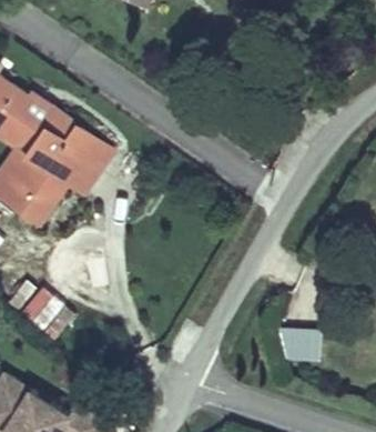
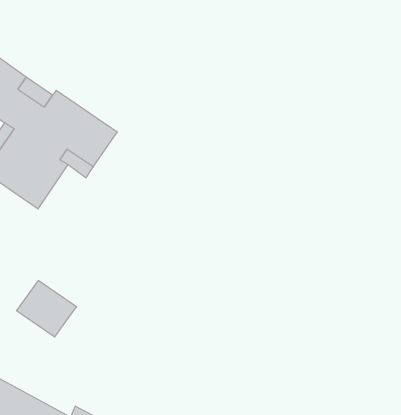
building: [282,328,319,361] -> none

